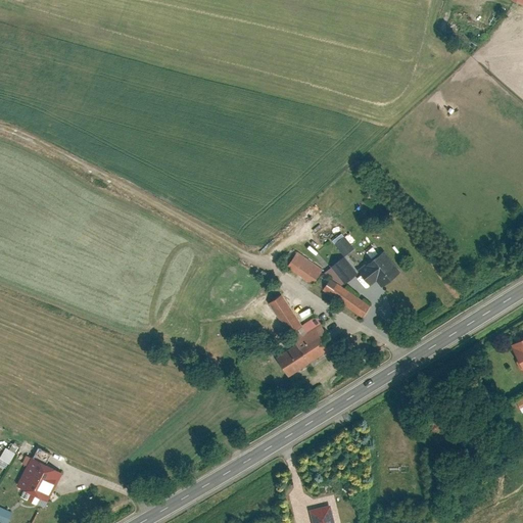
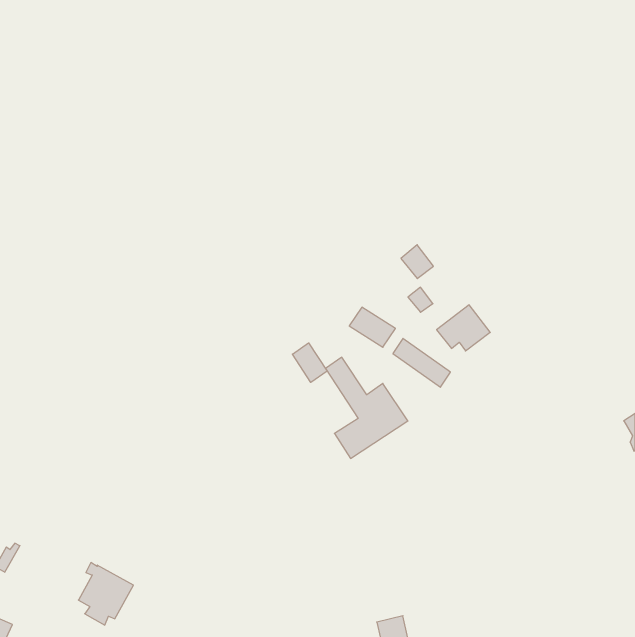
building: [331,256,358,284] -> [401,245,433,279]
building: none -> [292,343,327,382]
building: [14,457,59,508] -> [78,563,133,625]

